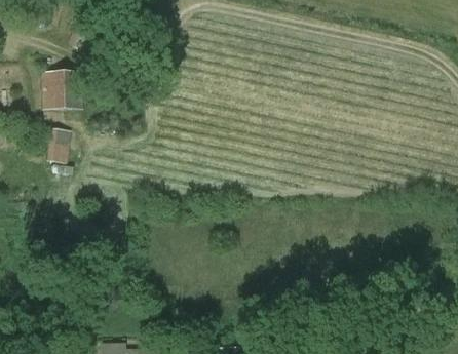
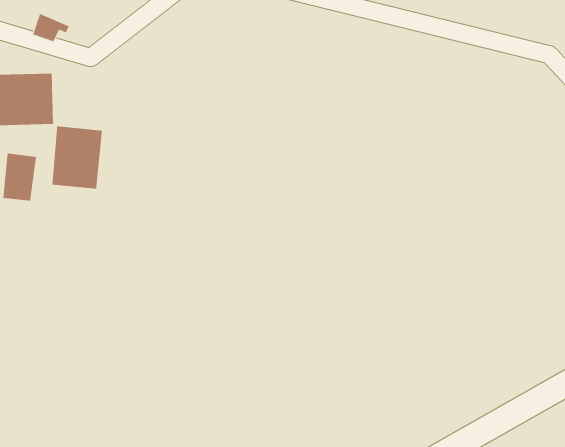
building: none -> [52,126,103,190]

